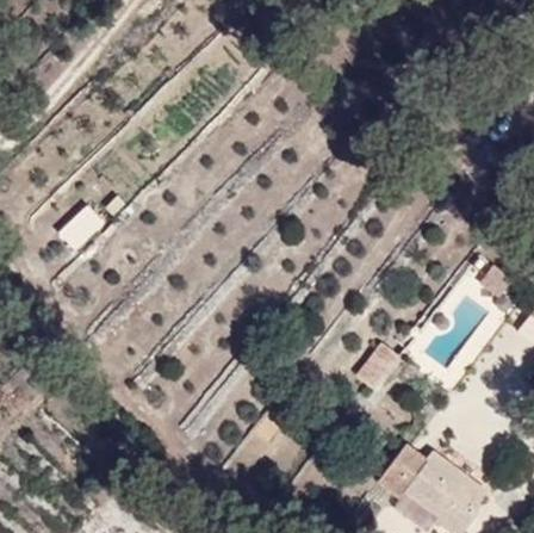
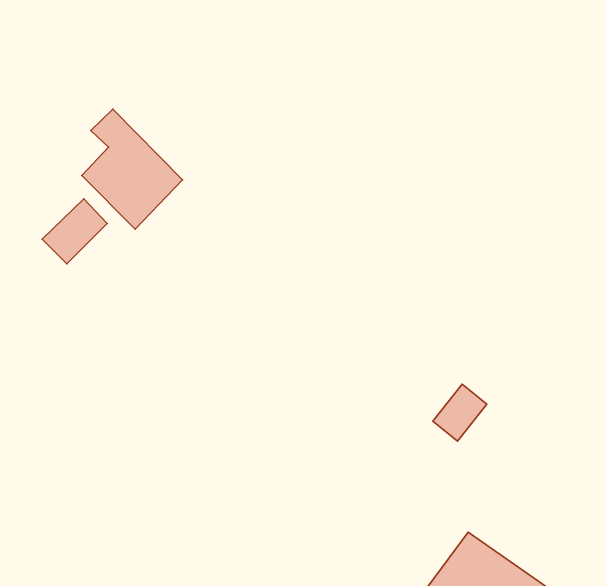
building: none -> [82,109,182,229]

